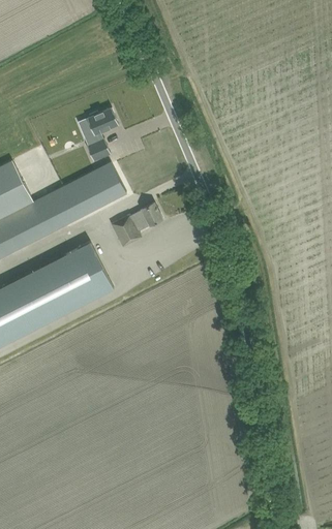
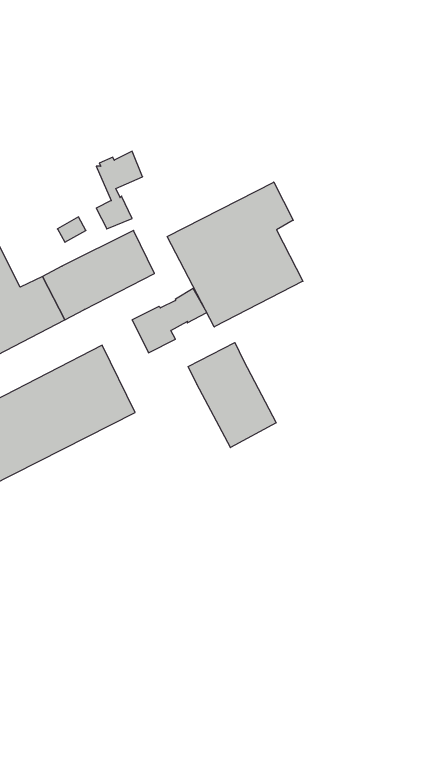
building: none -> [167,182,303,327]
building: none -> [188,343,276,448]

